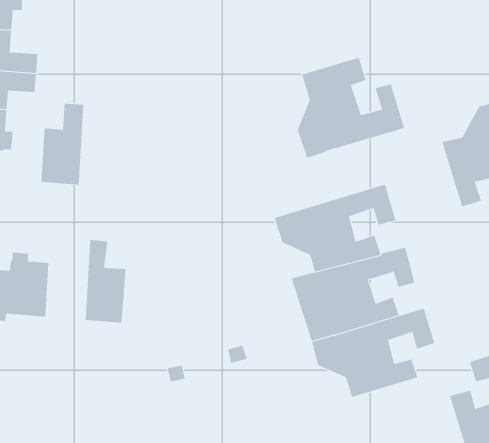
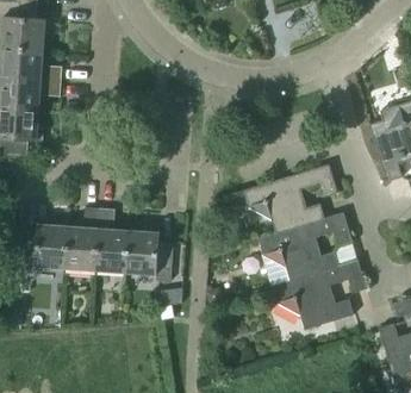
building: [297,57,405,159] -> none
building: [41,103,84,185] -> [67,207,100,270]
building: none -> [125,226,173,281]

